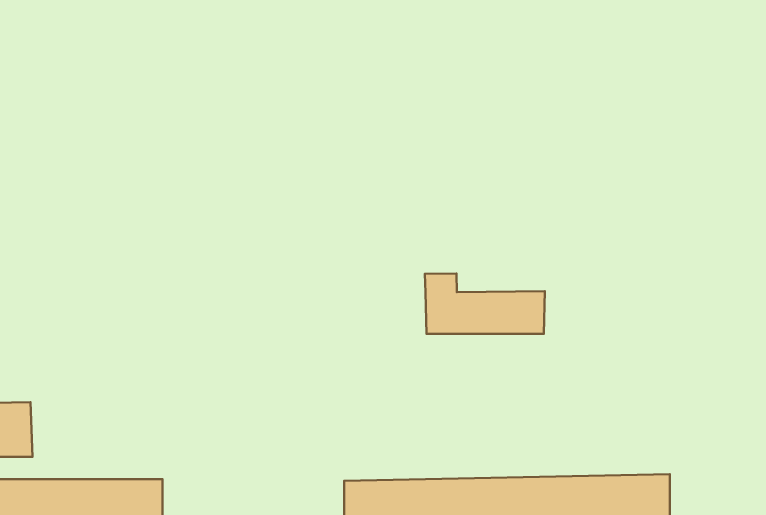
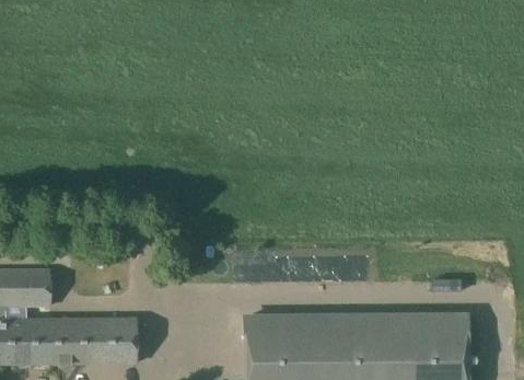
building: [425,273,545,334] -> none

